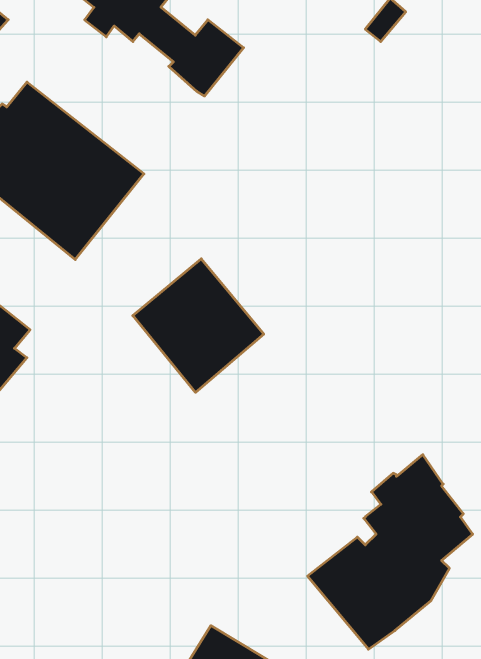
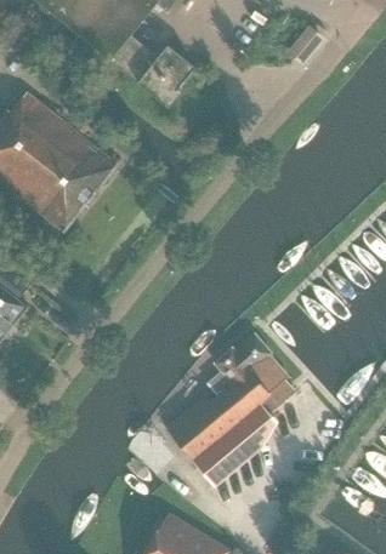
building: [133,259,264,392] -> none
building: [308,455,473,649] -> [165,332,294,484]

